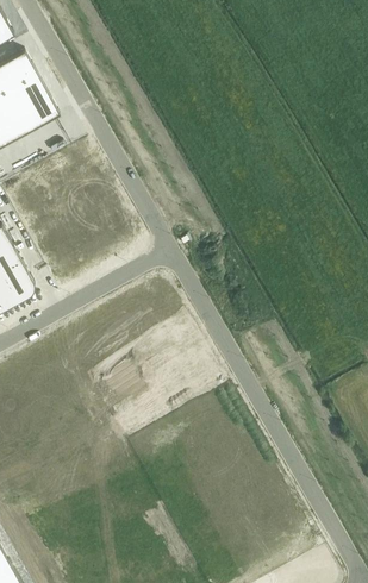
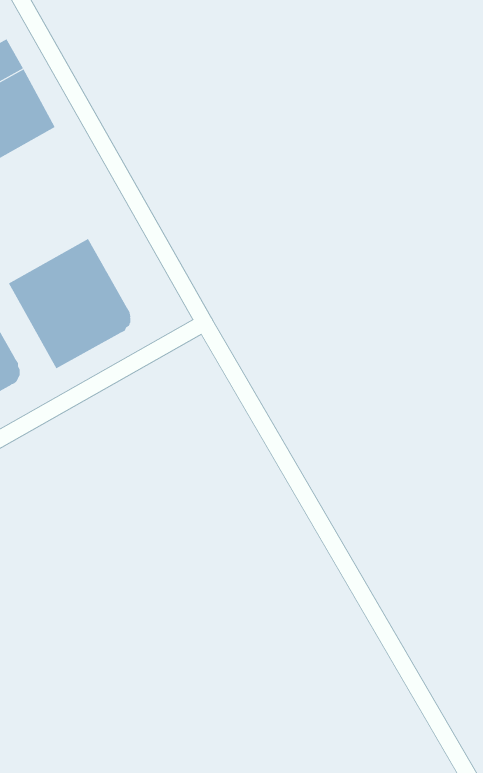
building: none -> [8,238,131,369]

